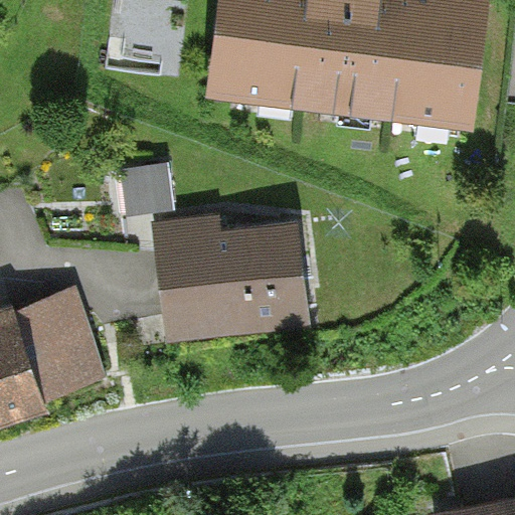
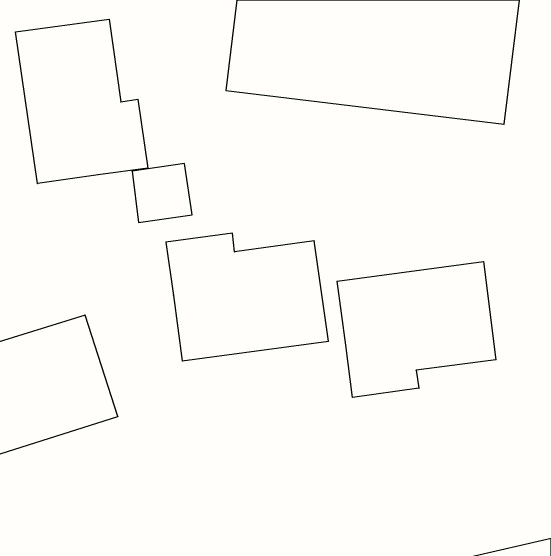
building: none -> [16,19,148,184]
building: none -> [337,262,496,397]

